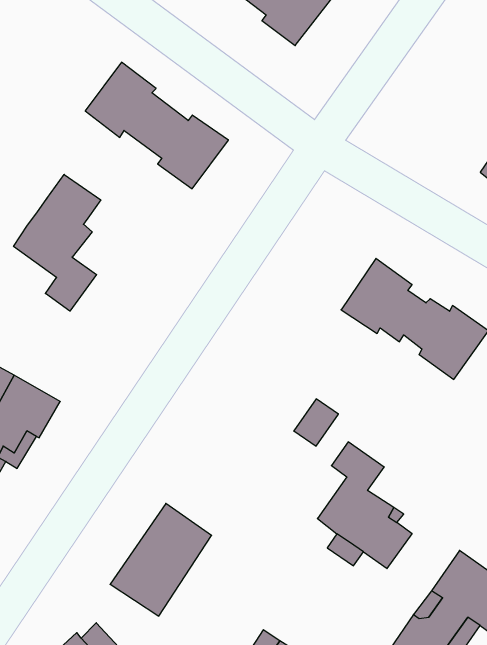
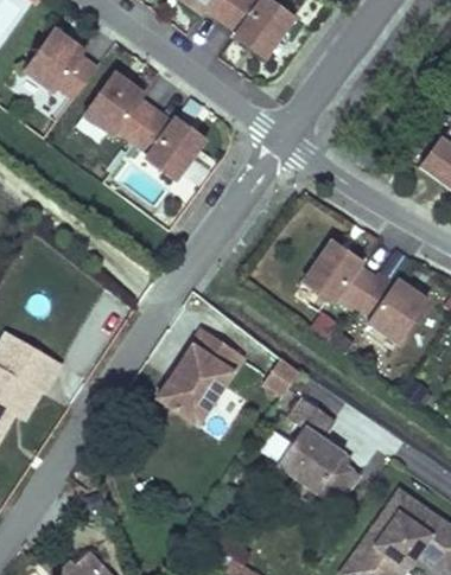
building: none -> [21,27,94,97]
building: [14,174,101,311] -> none
building: [110,503,212,616] -> [158,326,244,422]

